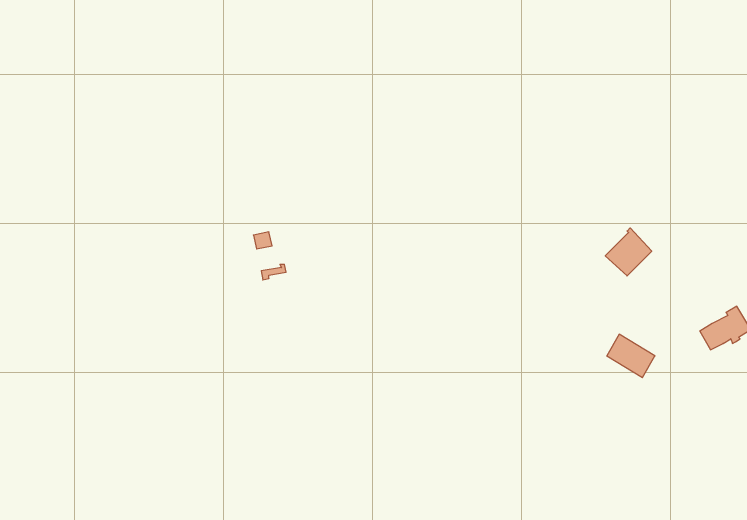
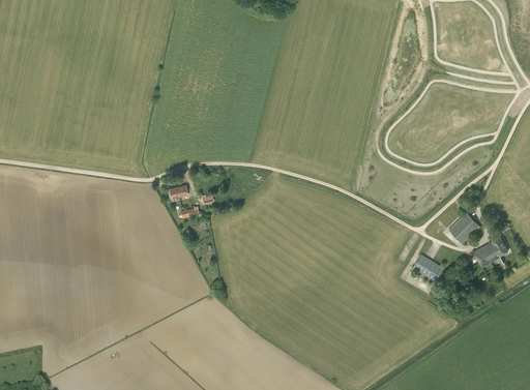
building: [605,228,652,276] -> [447,211,478,243]

